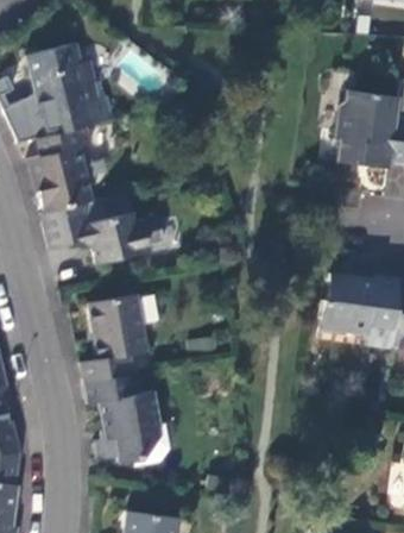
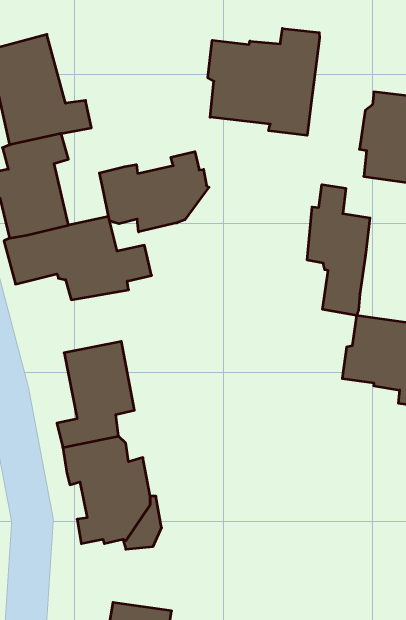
building: none -> [208,28,320,135]
building: none -> [99,152,209,232]
building: none -> [307,185,370,316]

